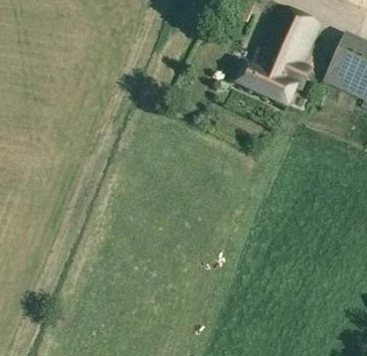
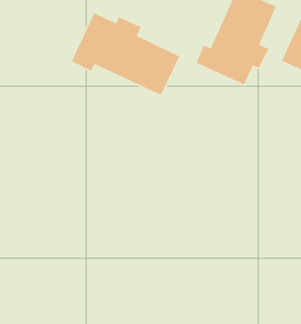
building: none -> [71,12,180,96]

